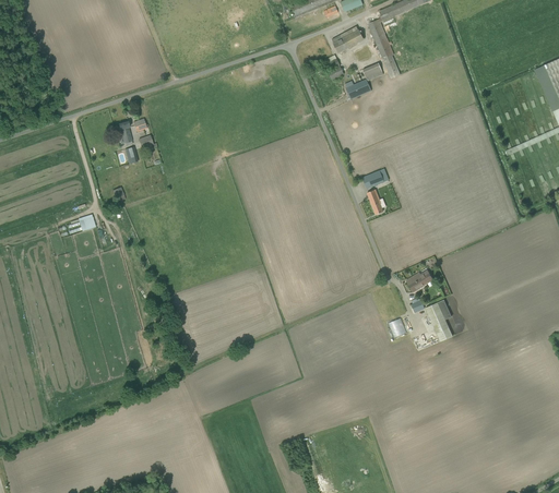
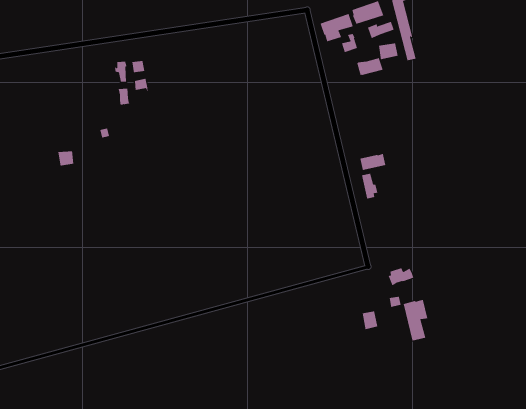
building: none -> [320,13,353,42]

